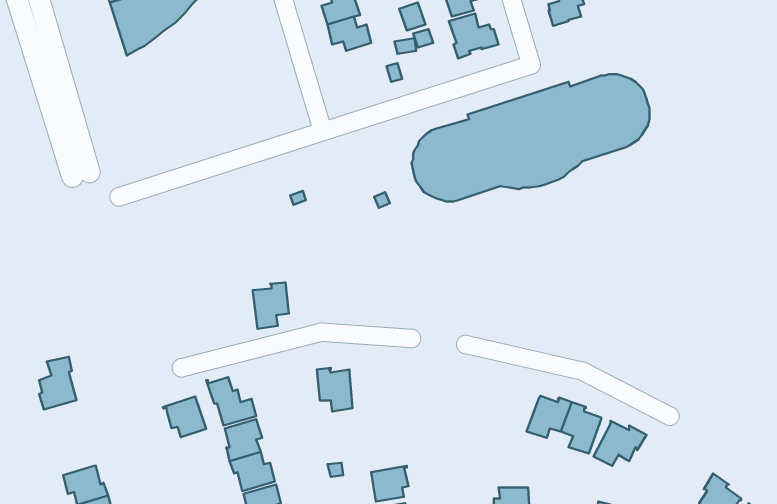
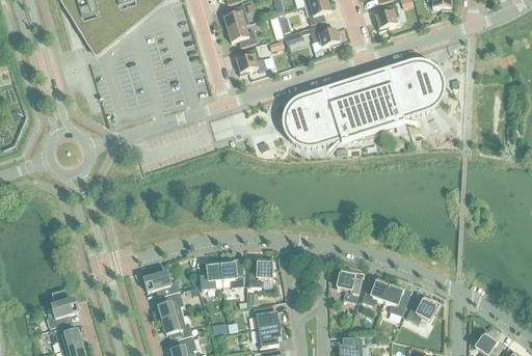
building: none -> [236,47,267,75]
building: [253,282,289,329] -> [198,259,222,291]
building: [39,357,76,410] -> [47,293,72,328]
building: none -> [248,257,274,286]
building: none -> [337,267,363,302]
building: [163,397,206,437] -> none
building: none -> [254,305,281,328]

